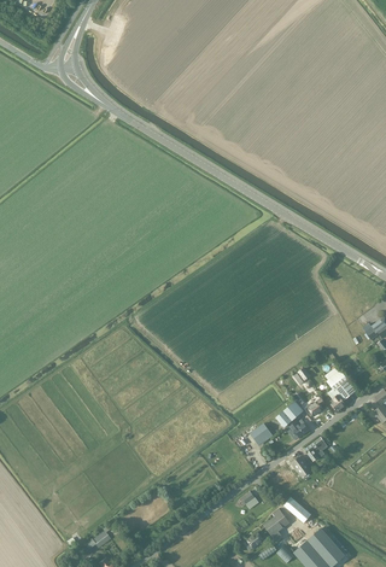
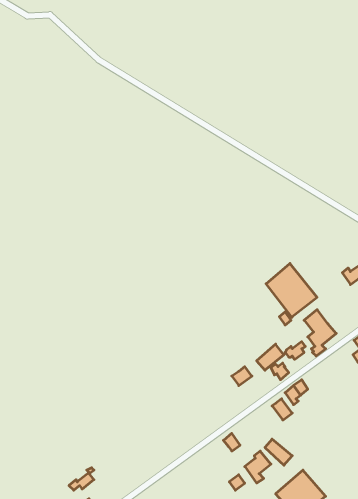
building: none -> [266,263,317,317]

